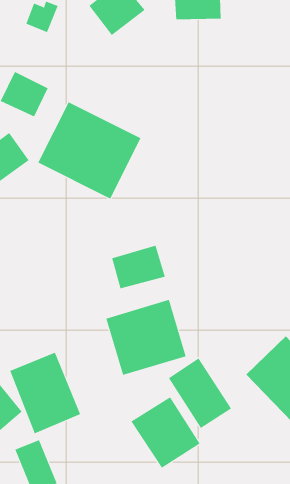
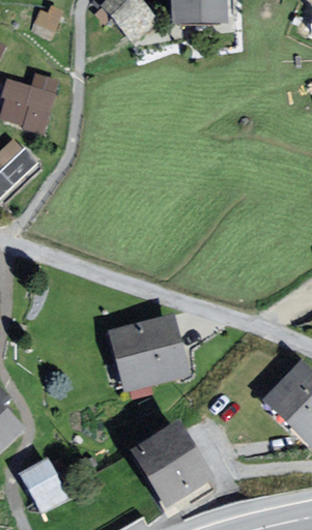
building: [38,101,141,199] -> none
building: [112,245,165,289] -> none
building: [9,352,81,434] -> none
building: [168,357,232,429] -> none

